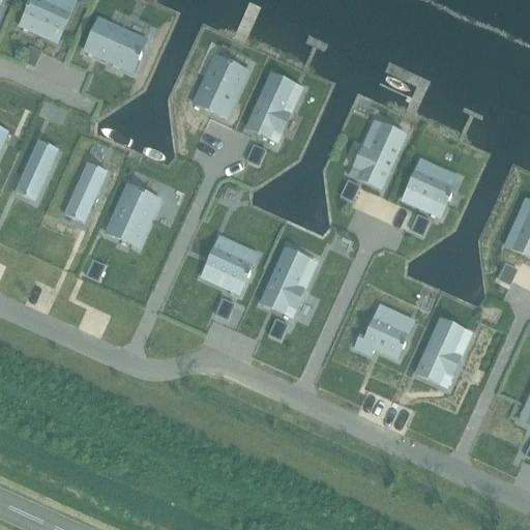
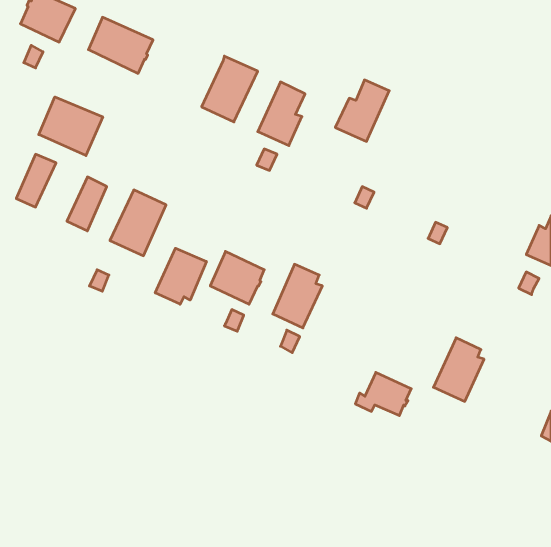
building: none -> [39,97,103,156]
building: [350,128,402,187] -> [335,80,389,141]
building: [403,165,454,214] -> none
building: none -> [155,248,206,304]
building: [355,314,409,355] -> [355,372,411,416]

